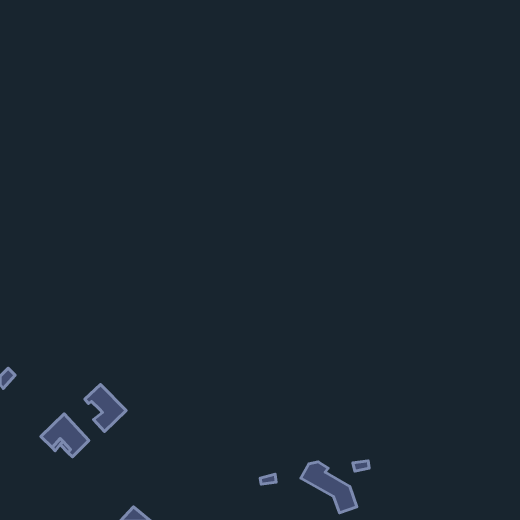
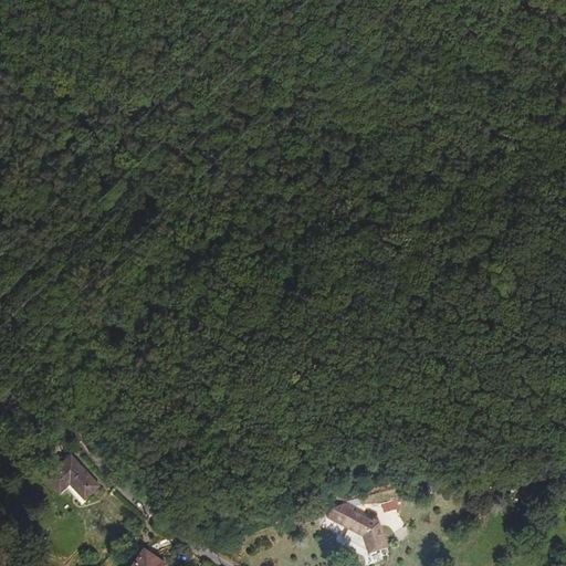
building: [85,385,126,431] -> none

